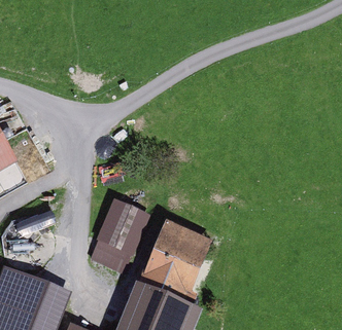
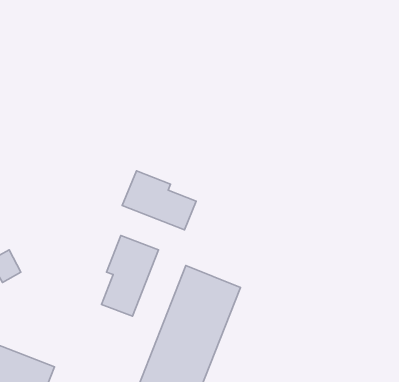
building: none -> [122,171,196,230]

